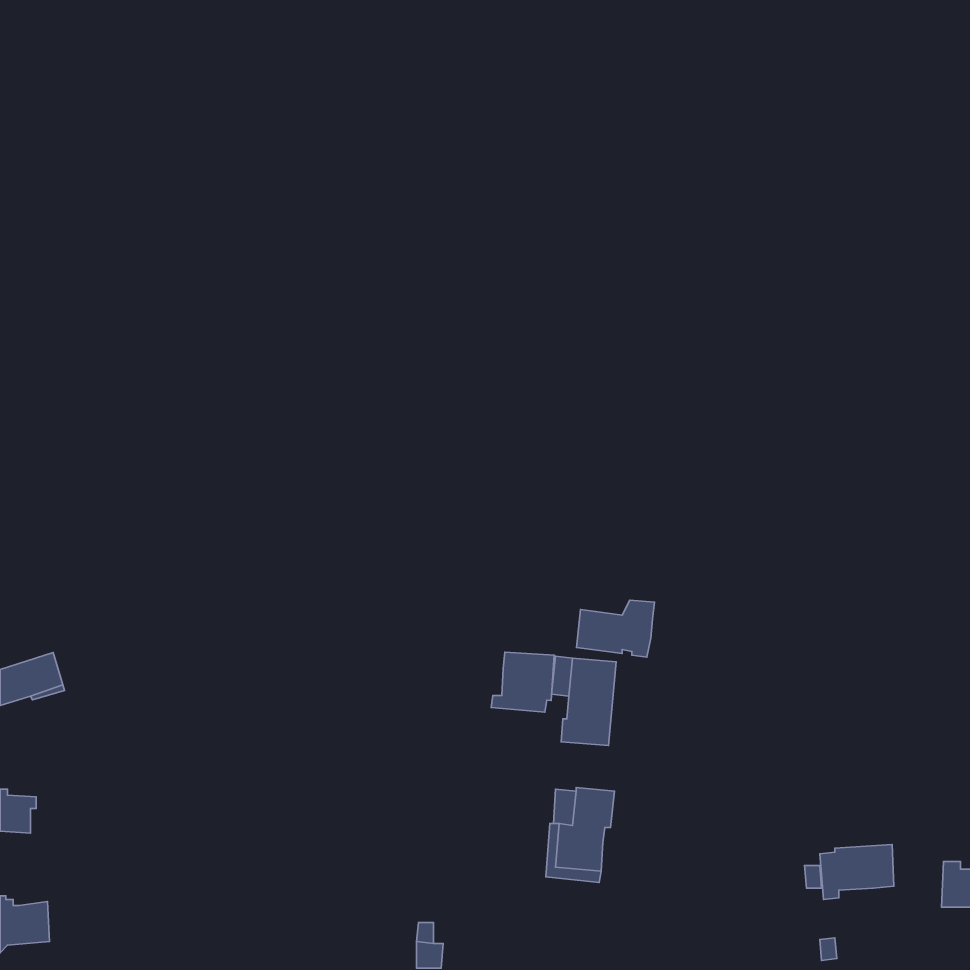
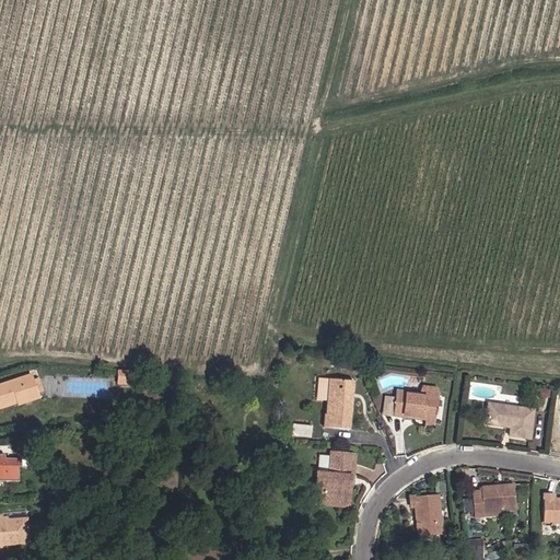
building: [577,600,655,657] -> [395,385,440,418]
building: [491,652,554,712] -> none
building: none -> [487,402,534,438]
building: none -> [410,494,441,536]

